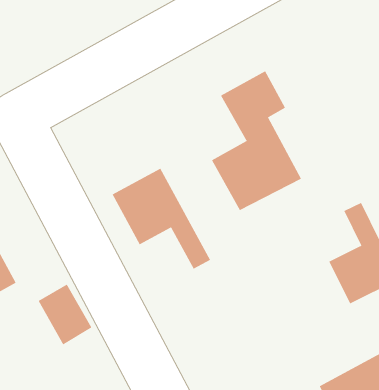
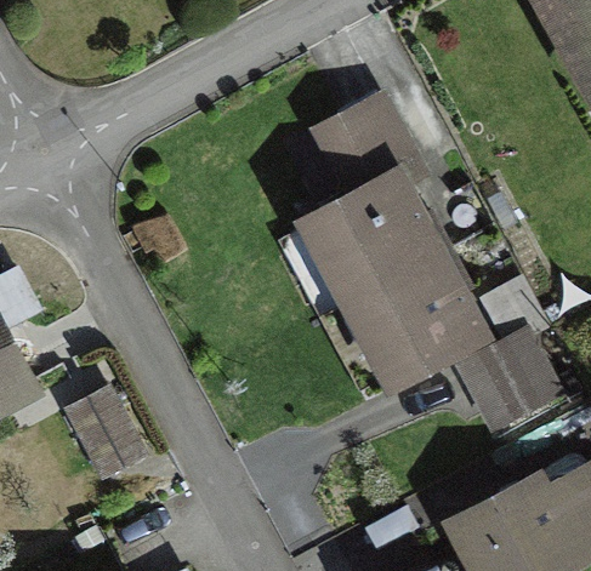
building: [112,168,211,270] -> none
building: none -> [346,252,471,375]

